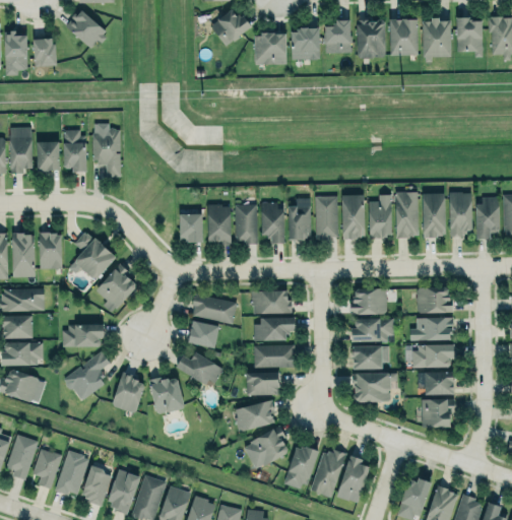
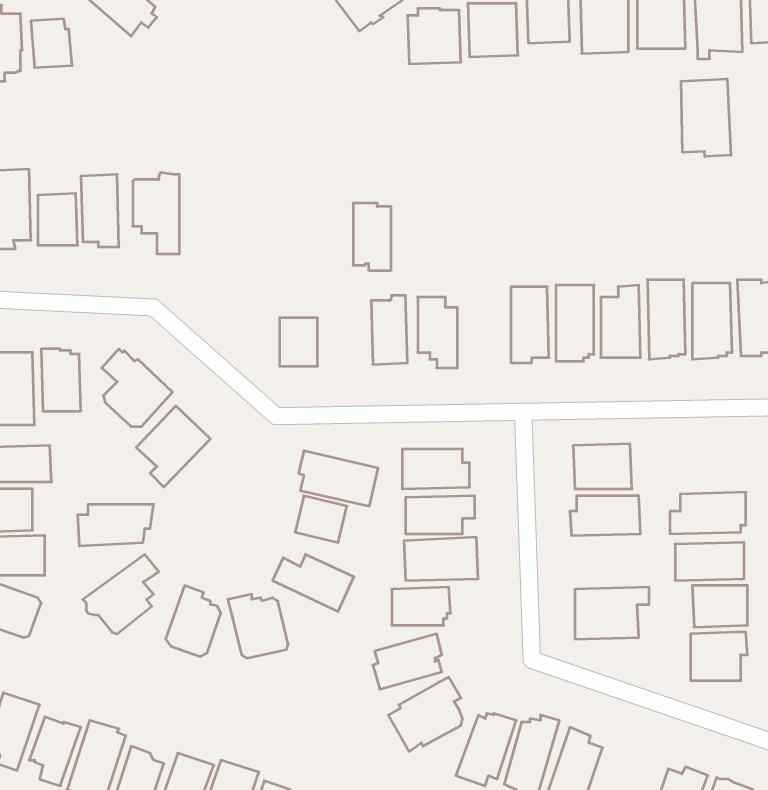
building: none -> [681,79,731,157]
building: [287,199,311,241] -> none
building: [208,205,231,245] -> [353,203,391,270]
building: [417,287,453,313] -> none
building: [351,345,383,371] -> none

